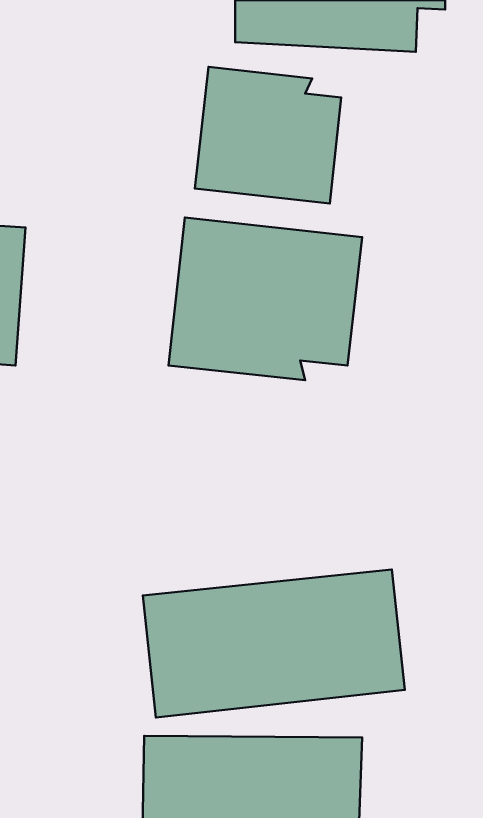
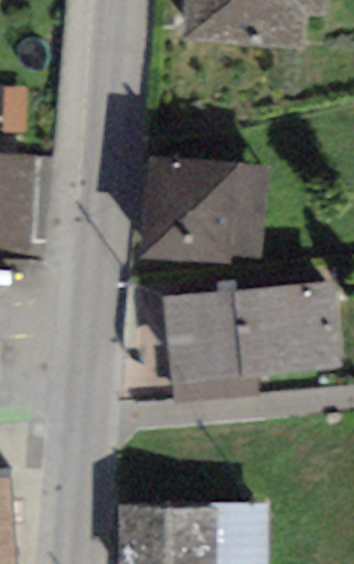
building: [195,67,341,203] -> none
building: [143,570,405,717] -> [162,278,340,379]

